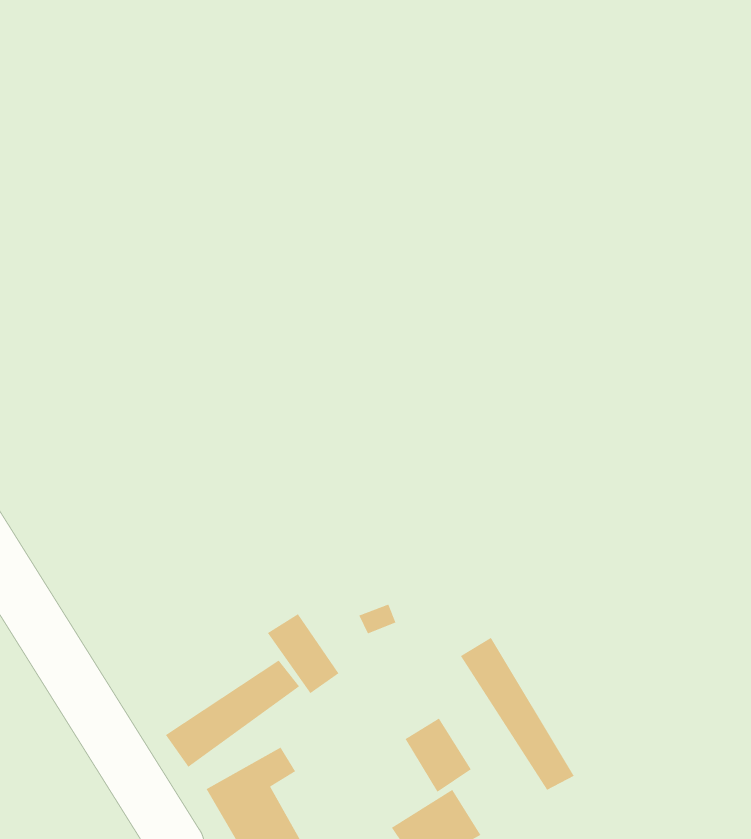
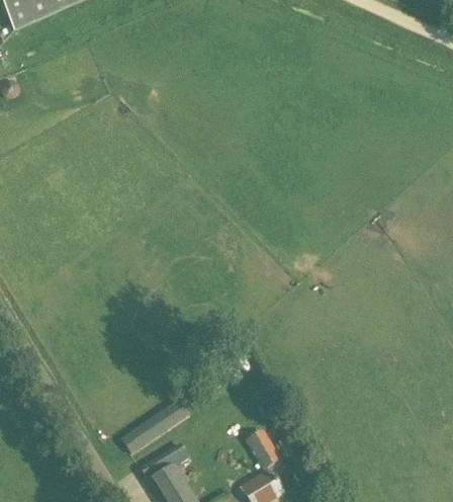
building: [267,613,340,694] -> none
building: [460,637,575,791] -> none

